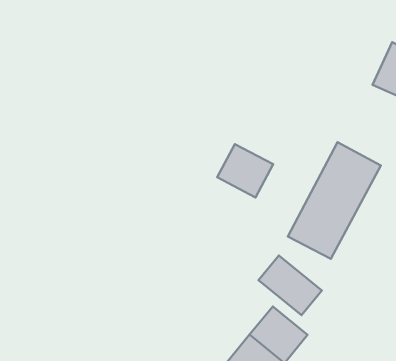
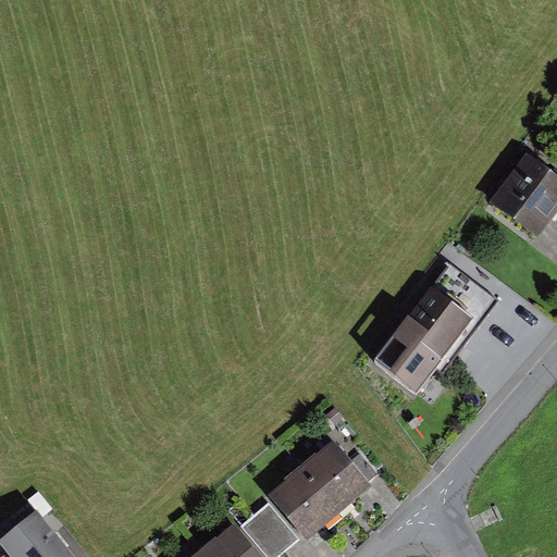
building: [217,144,273,197] -> none
building: [259,256,322,315] -> none

